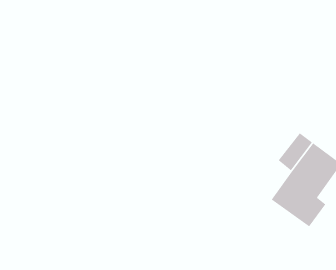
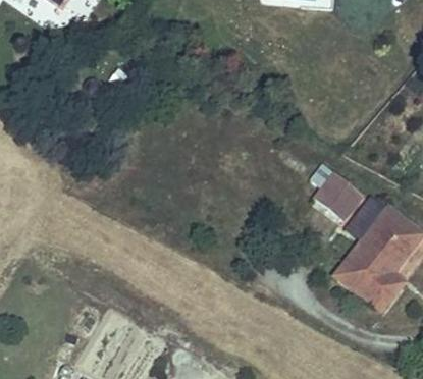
building: none -> [307,163,360,220]

